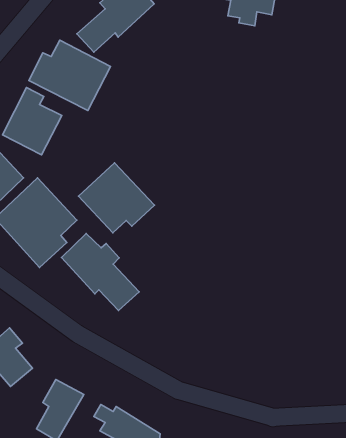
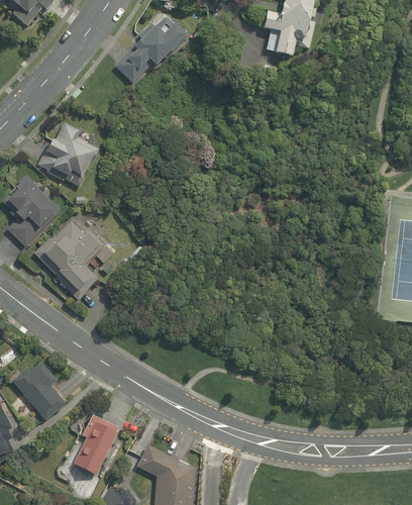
building: [29,40,111,111] -> none
building: [79,163,154,233] -> none
building: [61,233,139,311] -> none

